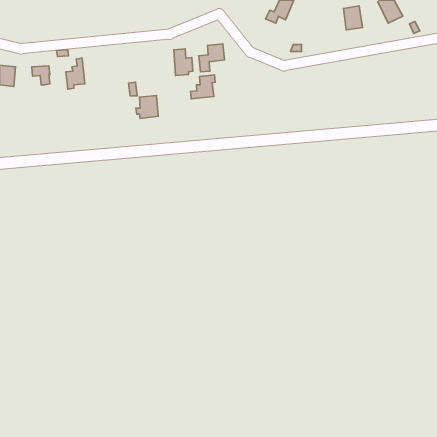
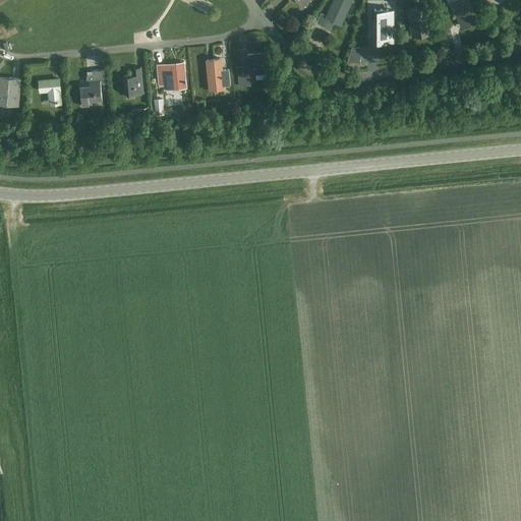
building: none -> [370,10,392,41]
building: none -> [122,68,142,95]
building: [191,75,215,99] -> none
building: [136,95,158,119] -> [158,63,184,91]

